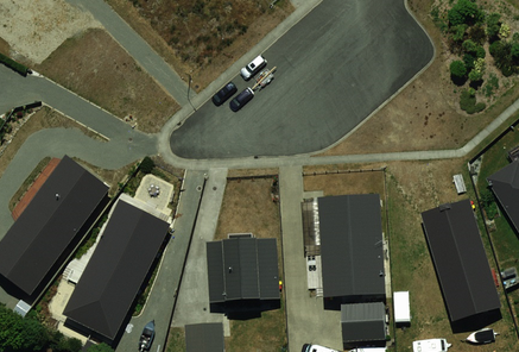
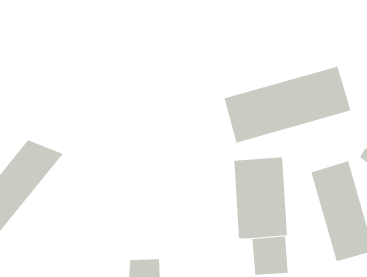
building: none -> [224,66,351,143]
building: [63,189,167,322] -> none
building: [211,230,283,303] -> none

